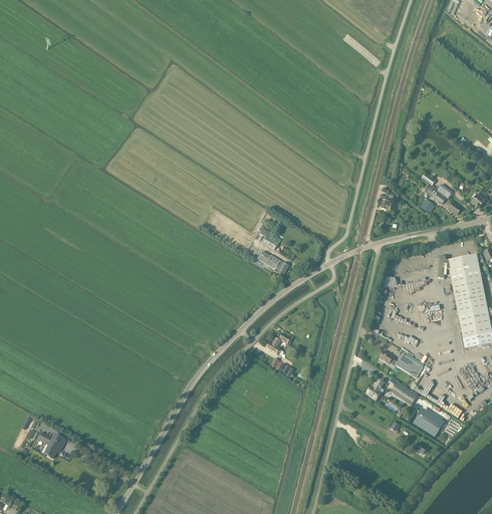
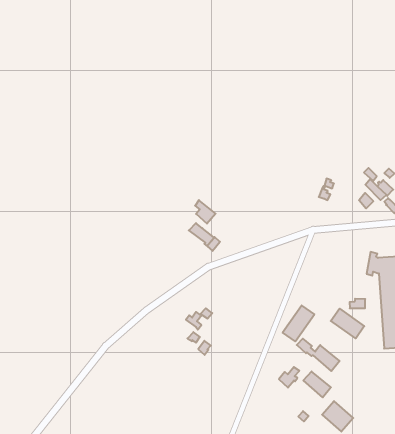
building: none -> [331,309,364,338]
building: none -> [283,305,314,341]

